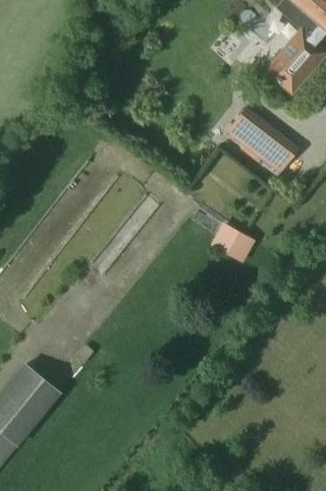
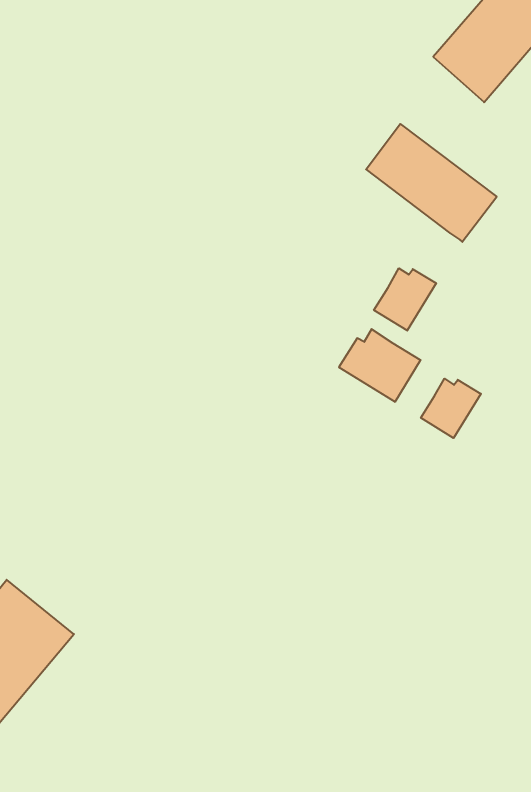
building: none -> [374,268,436,331]
building: none -> [421,379,481,438]

